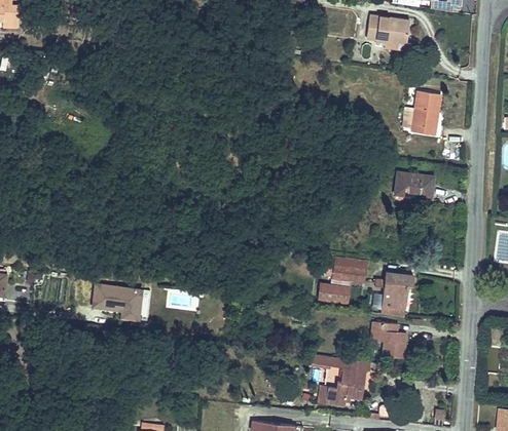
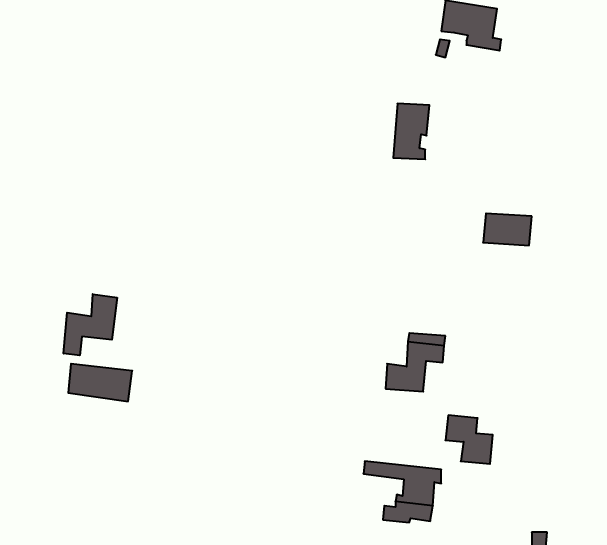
building: [412,93,439,134] -> [393,104,429,159]
building: none -> [64,294,117,355]
building: [375,272,407,306] -> none

